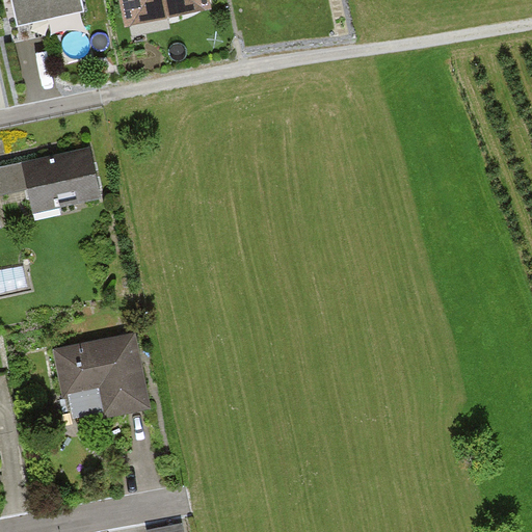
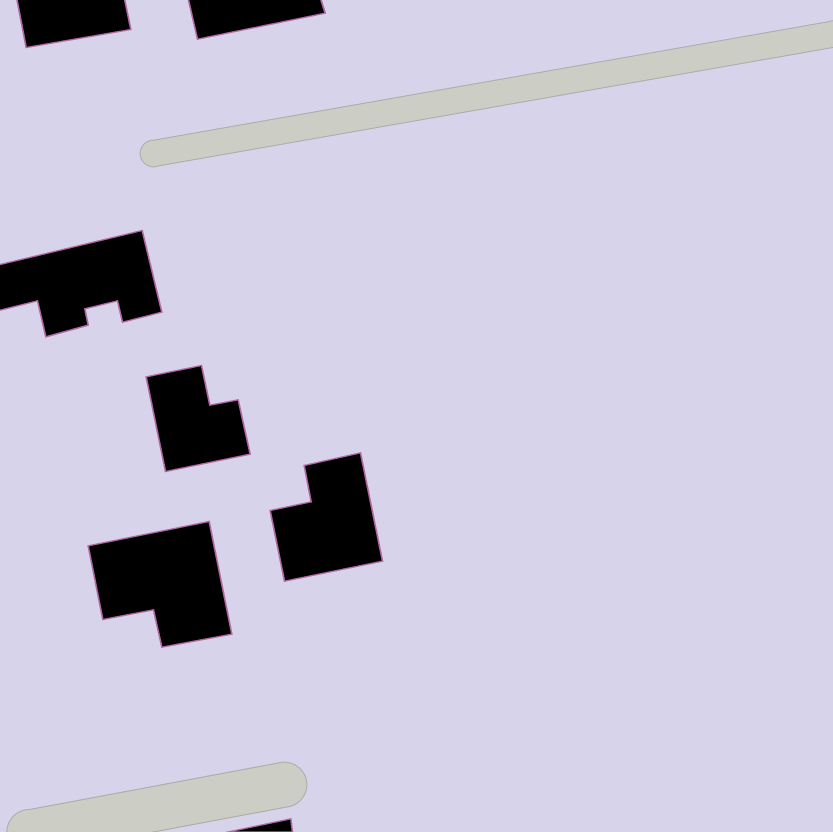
building: none -> [146,366,250,471]
building: none -> [270,453,383,581]

